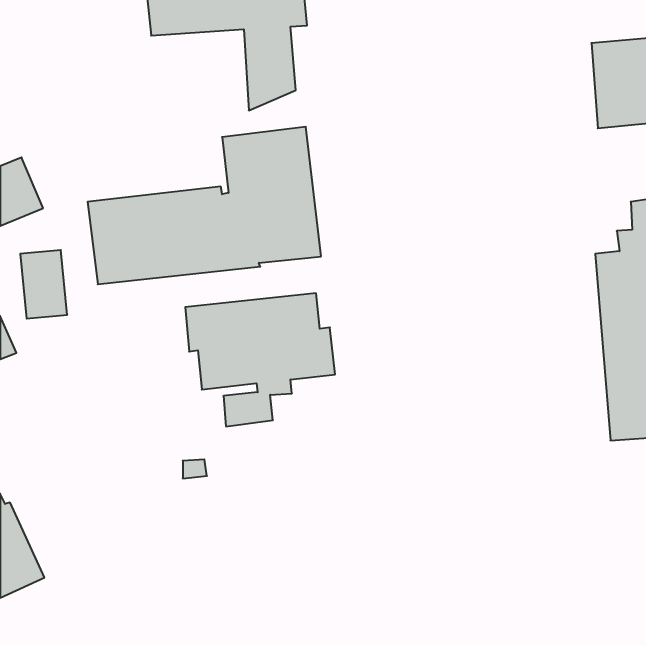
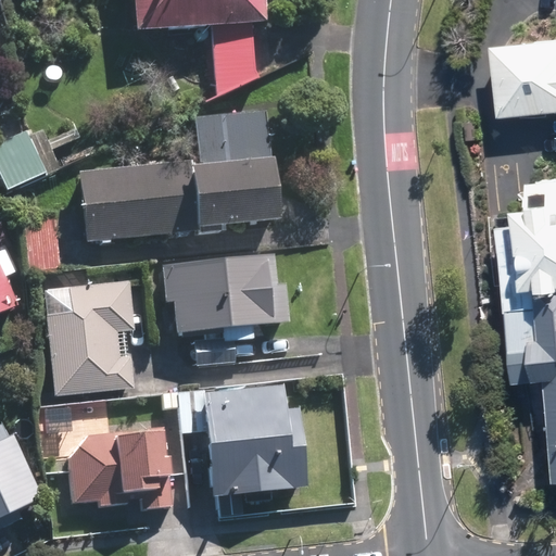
building: none -> [47,264,149,393]
building: none -> [180,384,308,496]
building: none -> [68,425,170,508]

